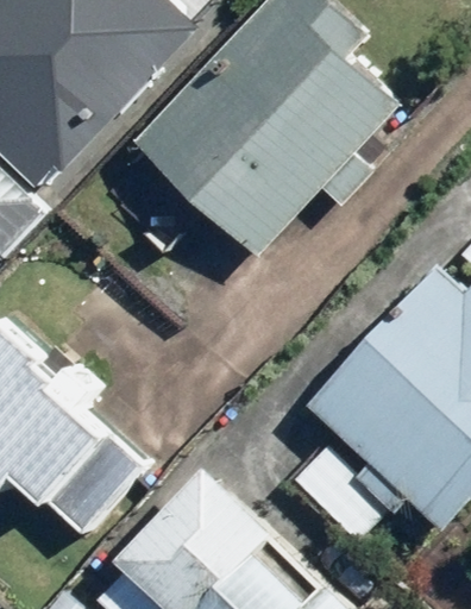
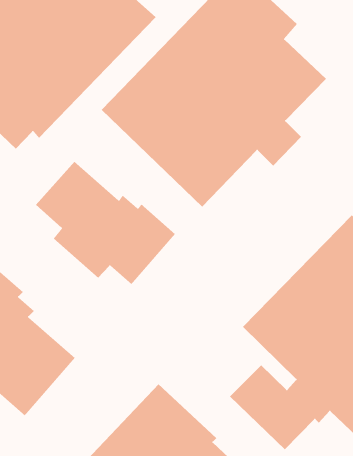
building: none -> [35,161,176,285]

